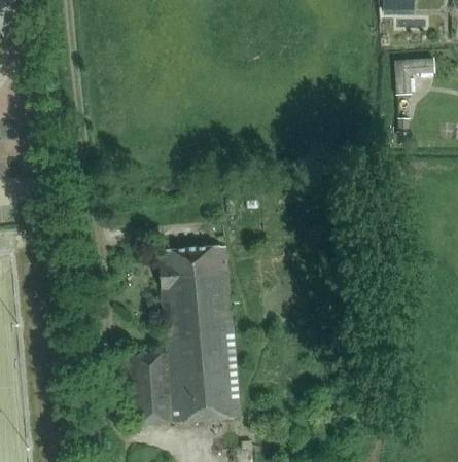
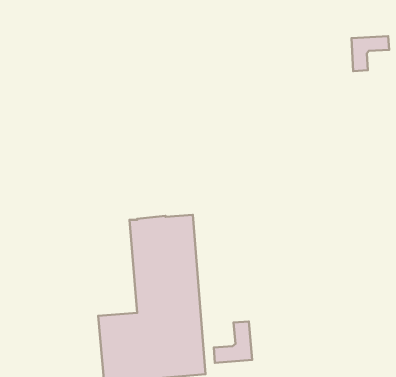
building: none -> [214,321,252,363]

